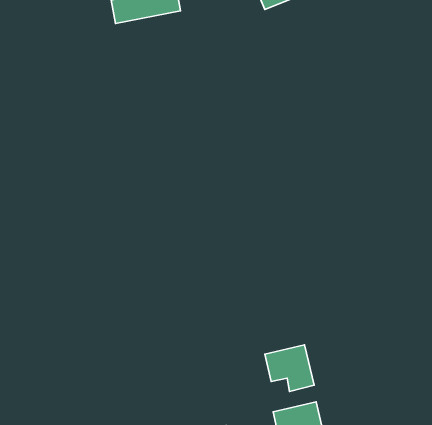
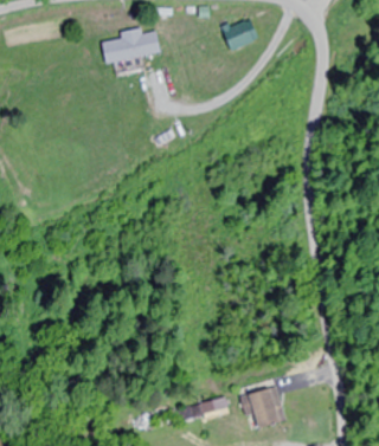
building: [265,345,314,392] -> none

